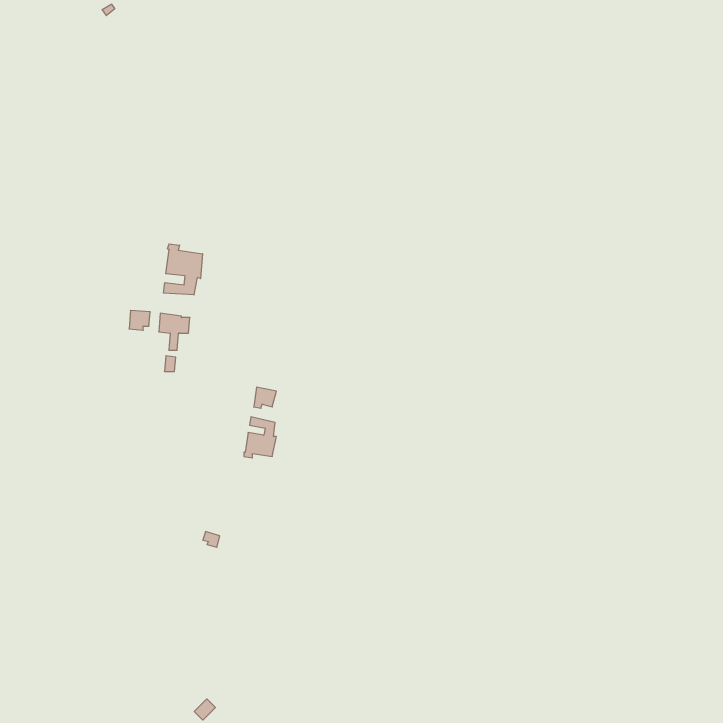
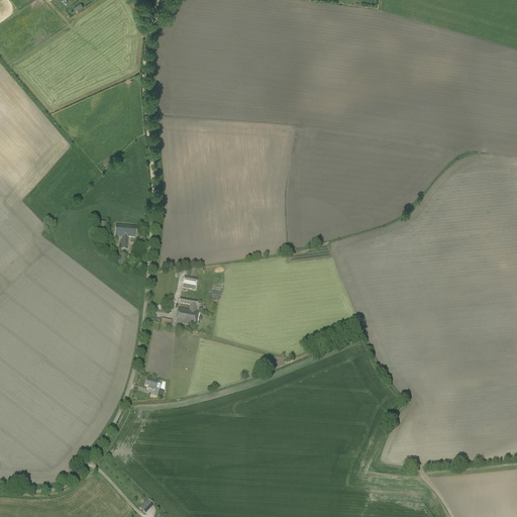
building: [164,244,203,295] -> none

